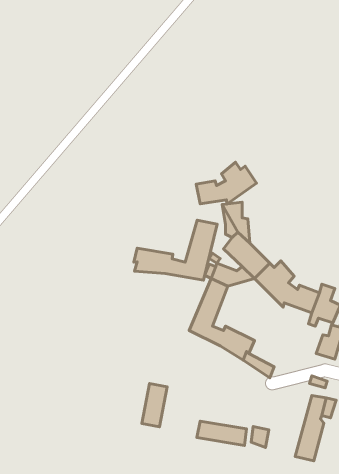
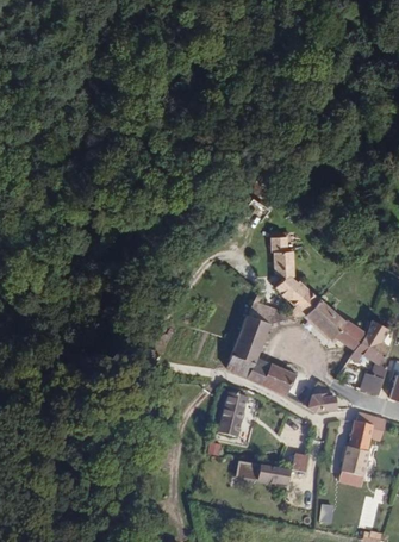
building: [196,162,257,204] -> none
building: [134,220,217,280] -> none
building: [142,384,167,427] -> [217,400,244,447]

